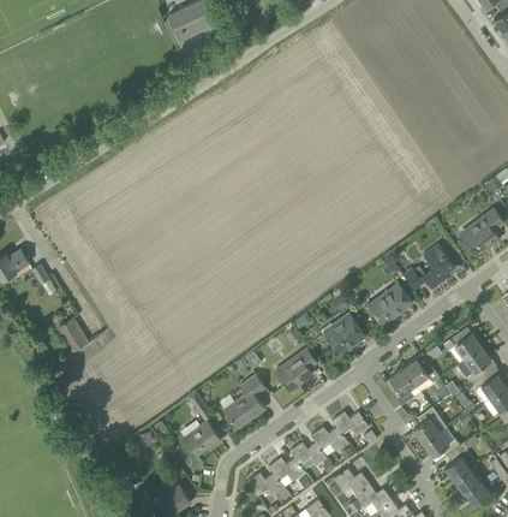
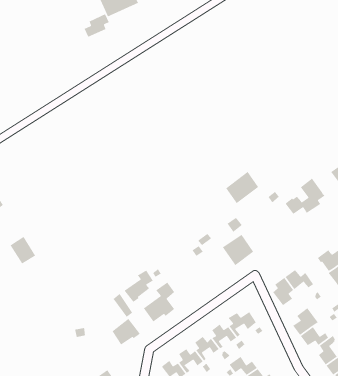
building: none -> [84,13,110,38]
building: [369,283,412,325] -> [225,171,259,204]
building: [279,349,317,391] -> [124,270,154,303]

